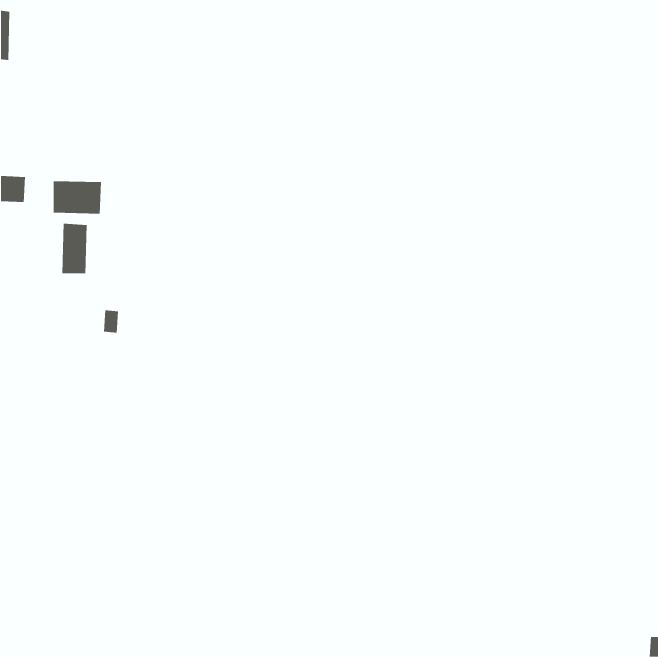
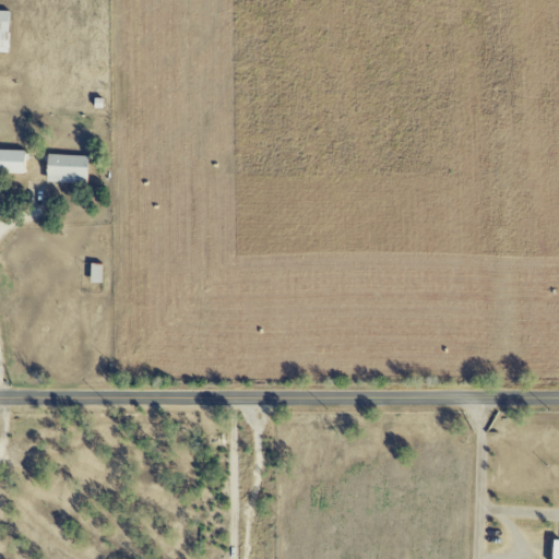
building: [62,223,87,274] -> none

